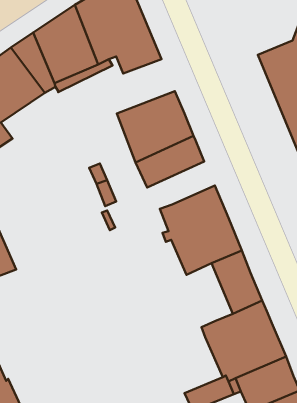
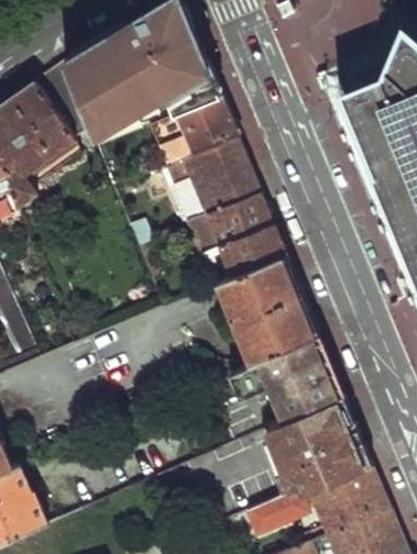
building: none -> [150,100,237,167]
building: none -> [202,226,286,279]
building: none -> [230,352,308,423]

